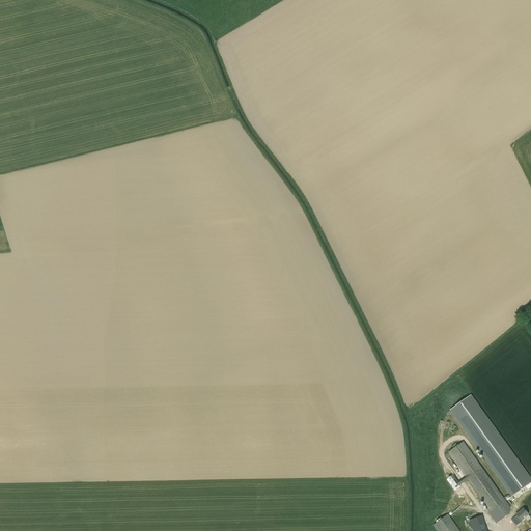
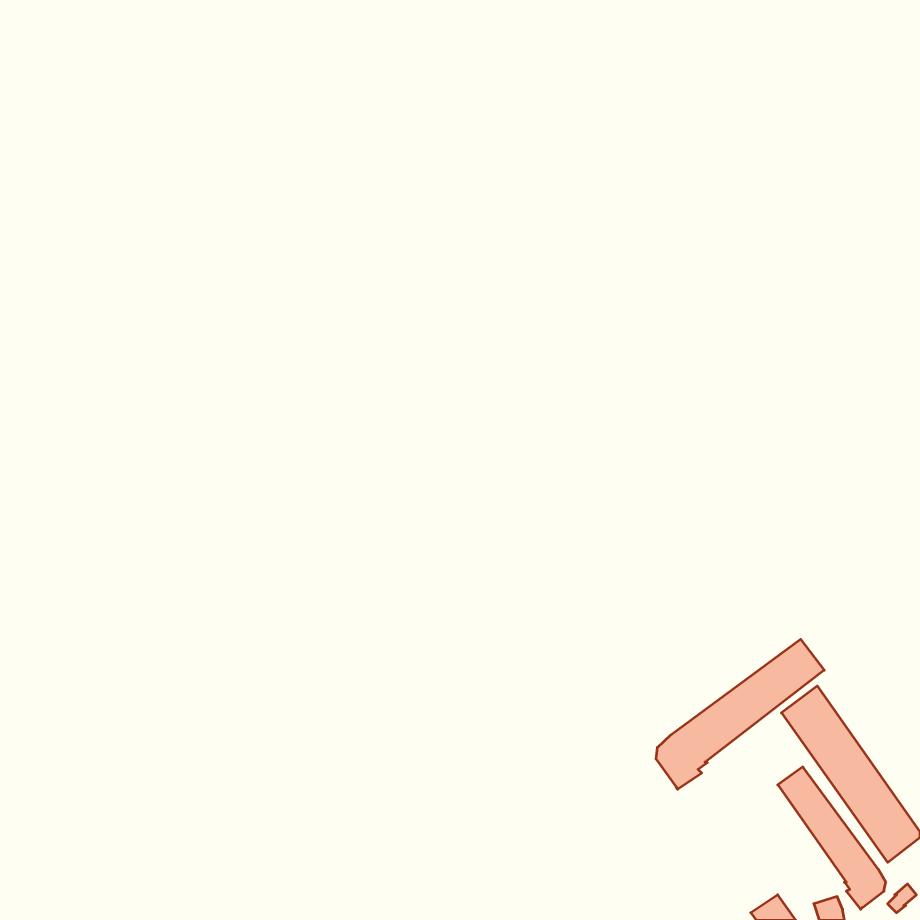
building: none -> [656,639,824,789]

